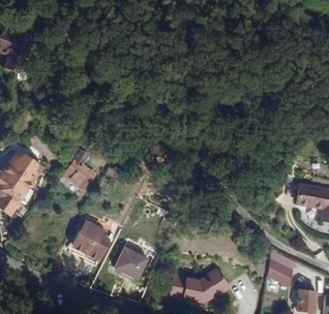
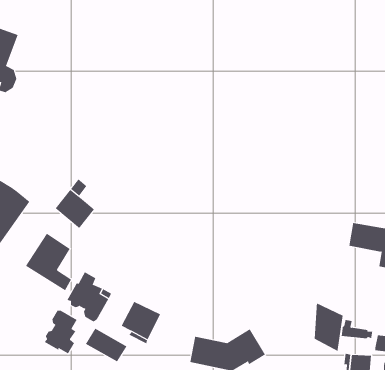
building: none -> [25,233,72,291]
building: none -> [44,310,77,354]
building: none -> [85,328,127,362]

